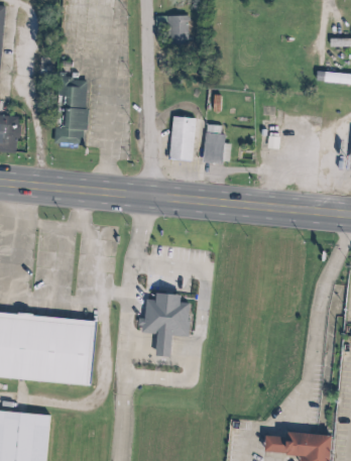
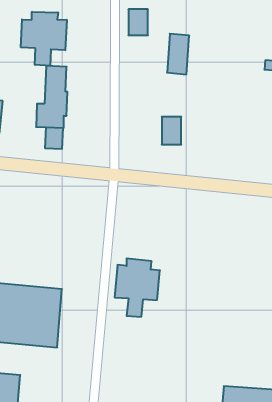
building: none -> [21,12,67,66]
building: [178,117,202,161] -> [167,34,189,74]
building: none -> [45,127,63,149]

